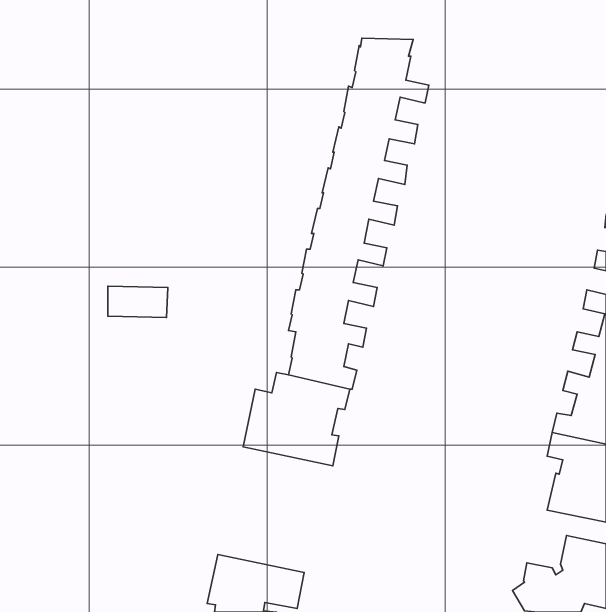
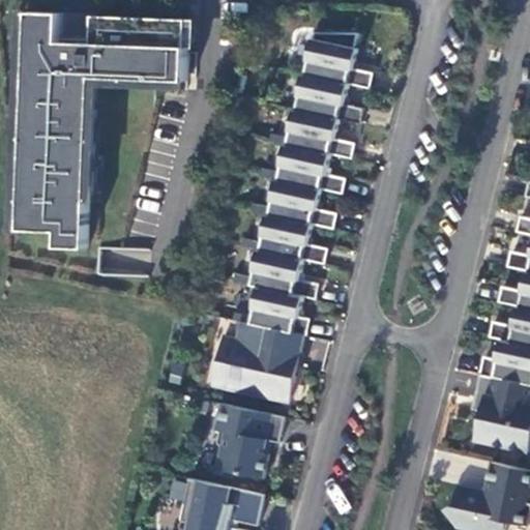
building: none -> [19,13,186,249]
building: none -> [213,404,283,479]

